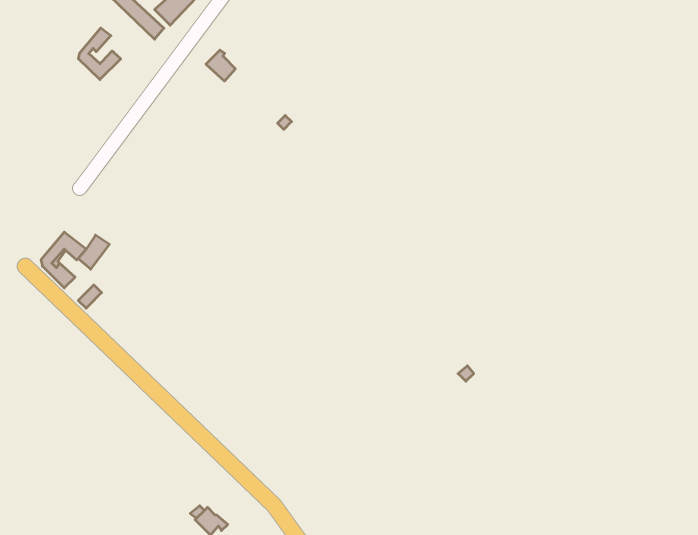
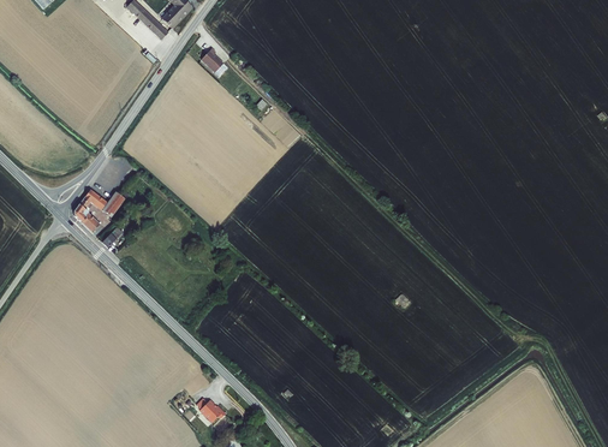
building: [78,28,121,80] -> none

